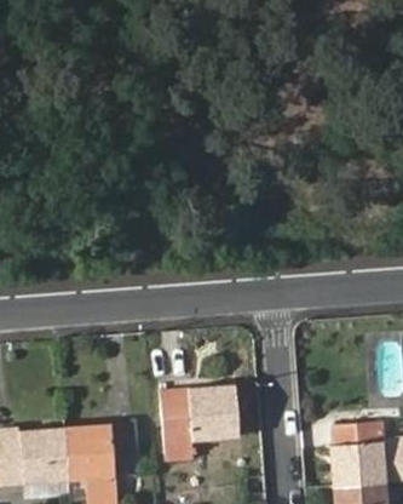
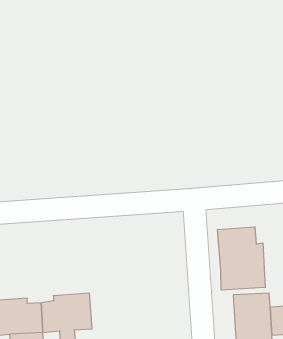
building: none -> [218,227,265,290]
building: [161,386,238,459] -> none

